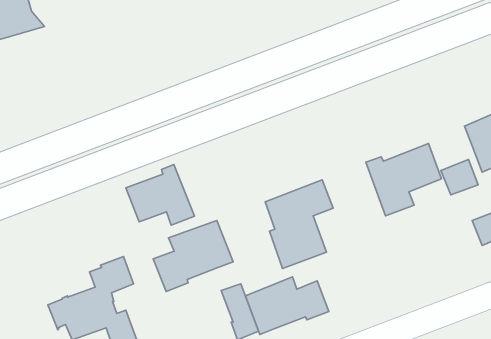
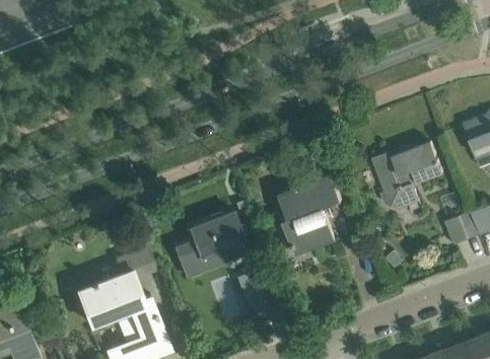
building: [441,160,478,195] -> [444,212,479,244]
building: [126,164,194,225] -> none
building: [245,277,329,335] -> none

